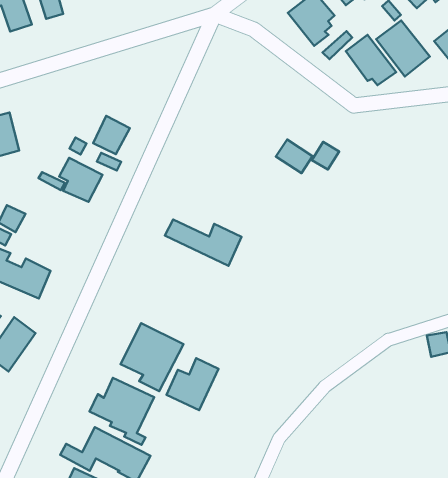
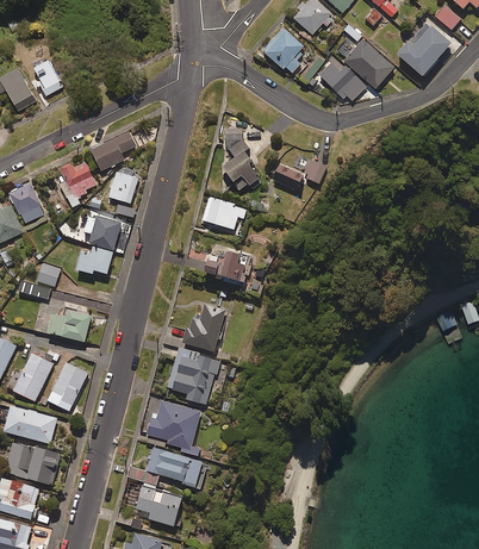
building: none -> [92,131,136,170]
building: none -> [223,127,262,189]
building: none -> [60,162,98,207]
building: none -> [201,195,247,230]
building: none -> [76,247,113,273]
building: [167,358,218,410] -> [183,305,225,350]

